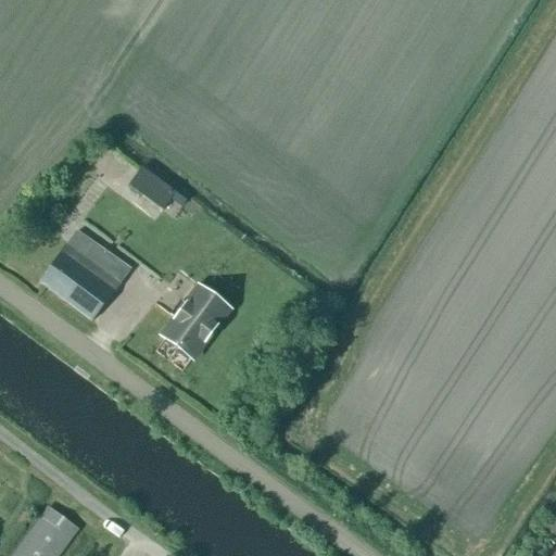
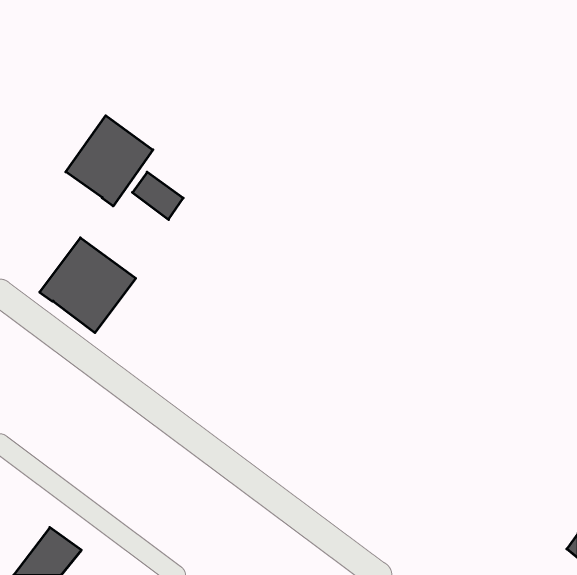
building: none -> [66,116,153,206]
building: [164,287,228,356] -> none

